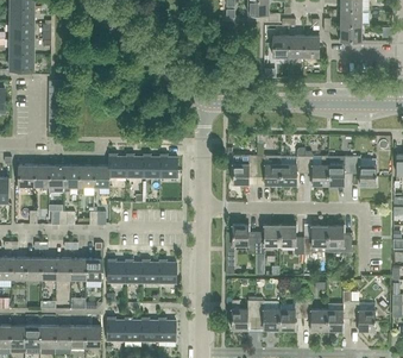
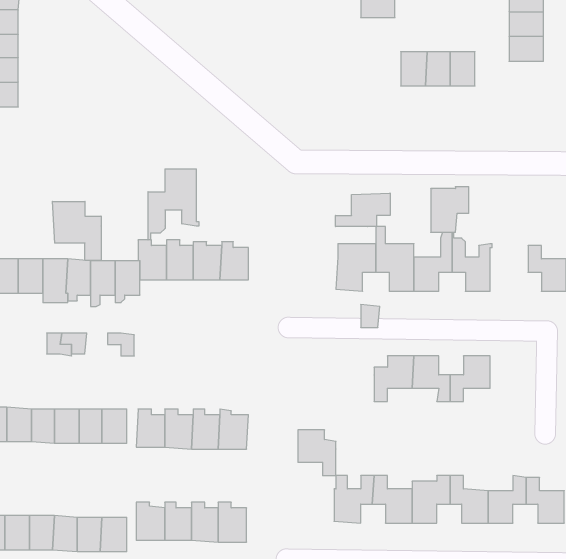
building: none -> [148,169,199,240]
building: none -> [336,193,390,227]
building: none -> [52,201,101,260]
building: [328,157,352,186] -> [431,187,469,232]
building: [232,226,256,255] -> [298,430,336,476]
building: [328,226,351,256] -> none

